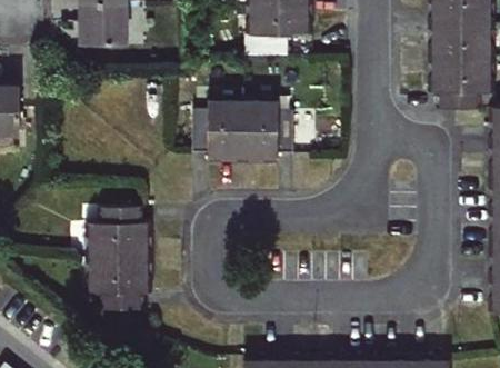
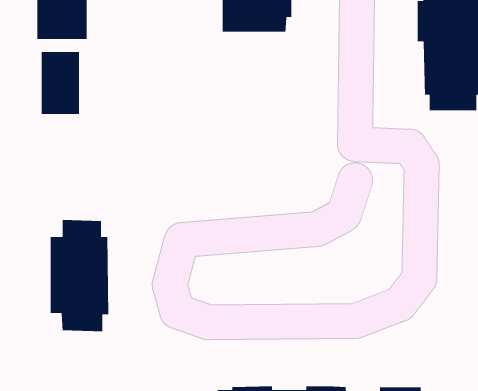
building: none -> [41,51,80,115]
building: [191,105,292,158] -> none

